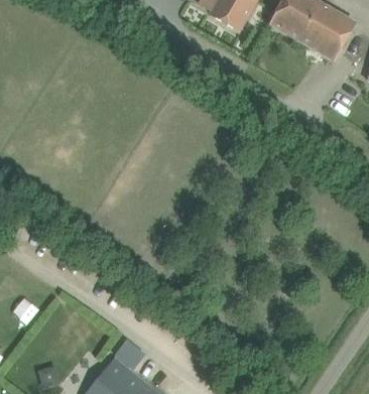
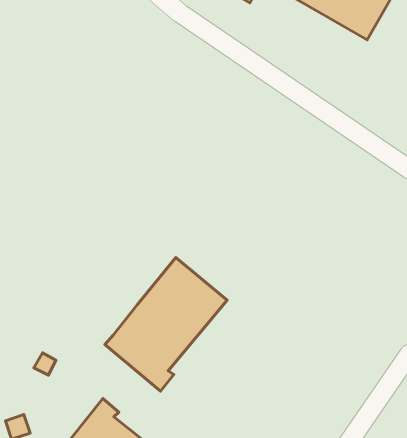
building: none -> [105,257,227,391]

